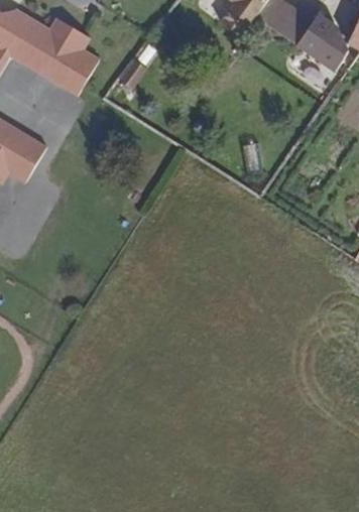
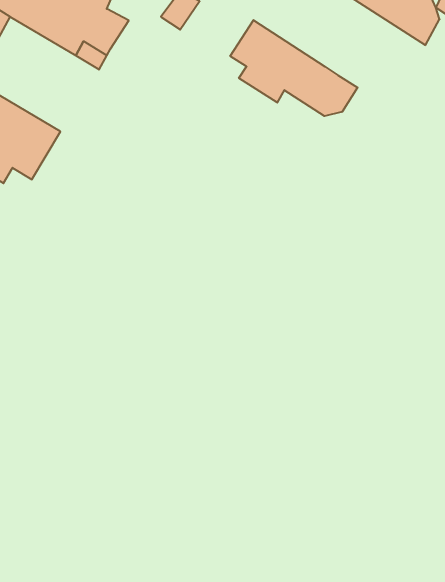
building: none -> [230,20,358,116]

